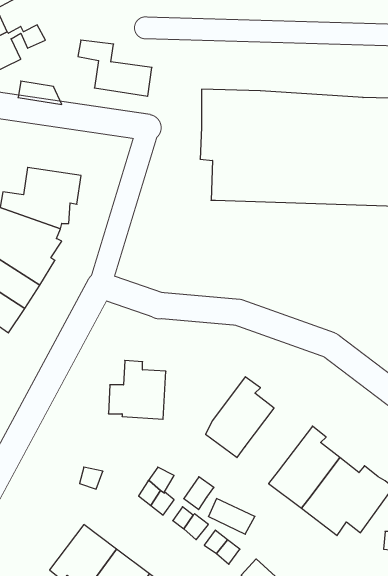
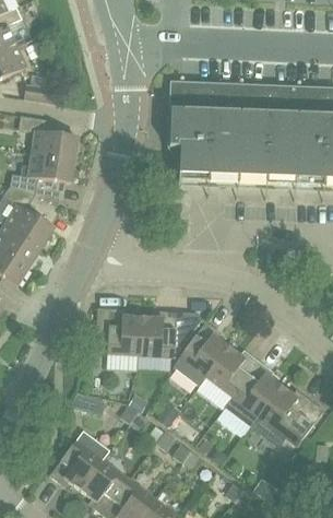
building: [78,40,152,96] -> [17,114,76,158]
building: none -> [139,309,200,354]
building: none -> [204,344,258,395]

